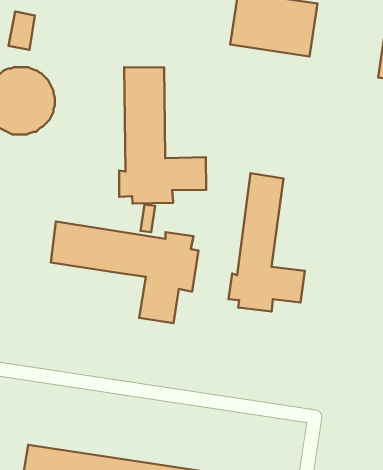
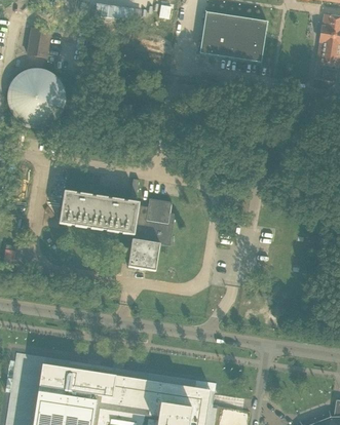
building: [119,67,206,204] -> none
building: [228,173,305,311] -> none

